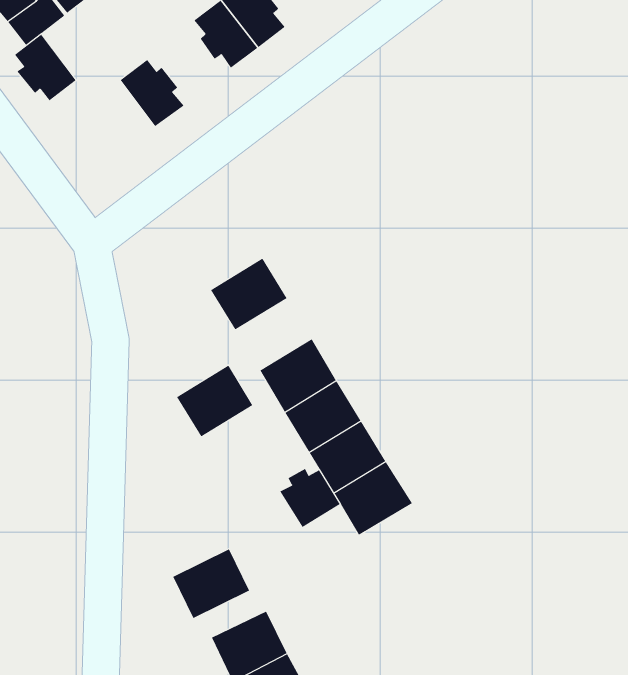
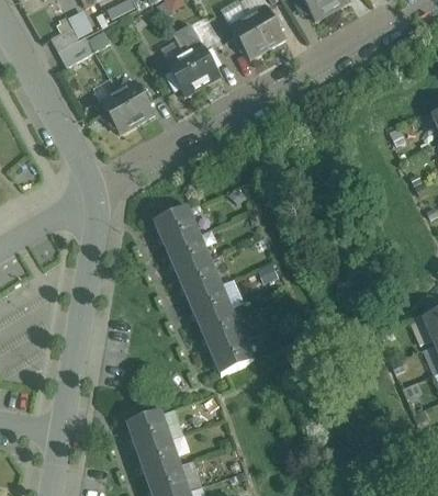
building: [14,34,77,101] -> [102,92,136,132]
building: [176,365,253,437] -> [166,232,210,271]
building: [279,468,340,528] -> none
building: [172,548,250,619] -> none

